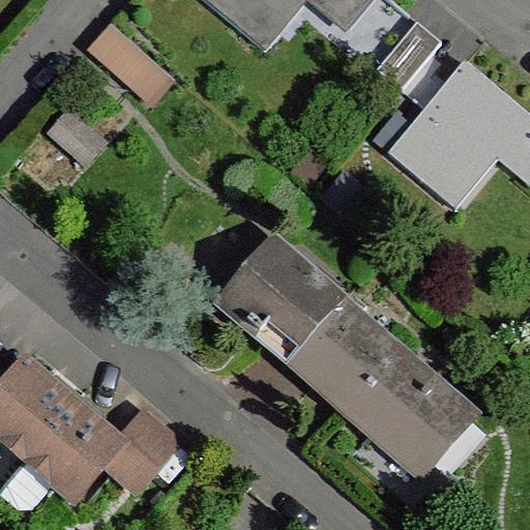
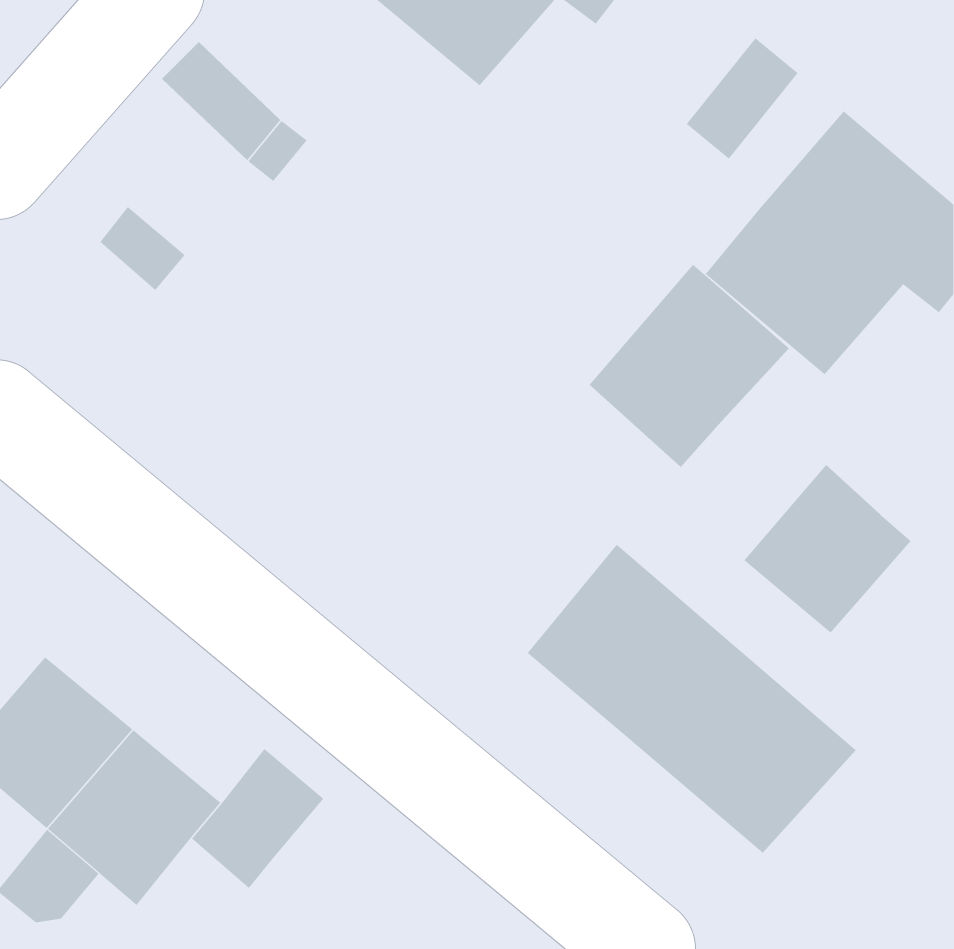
building: none -> [589,264,790,468]
building: [220,240,341,360] -> none
building: none -> [743,464,911,633]

